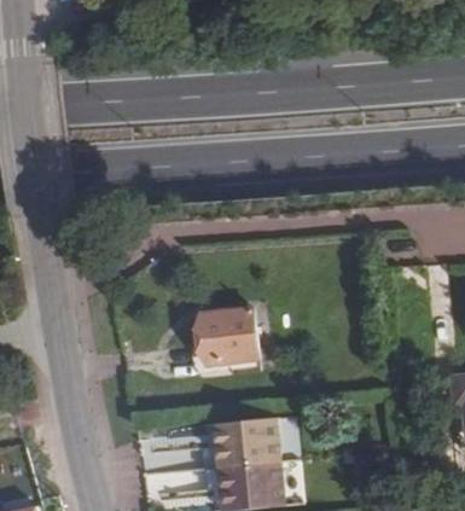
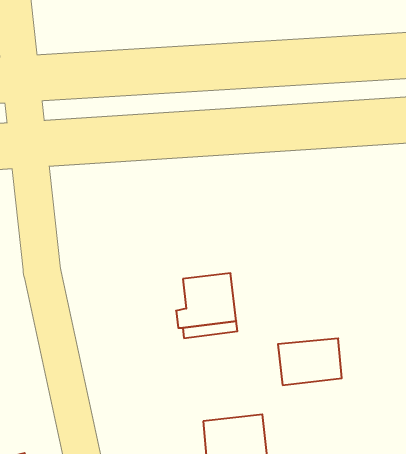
building: [215,414,283,464] -> [278,338,342,385]

